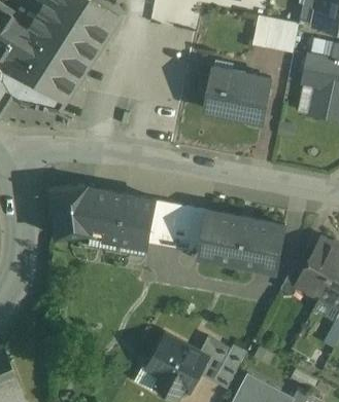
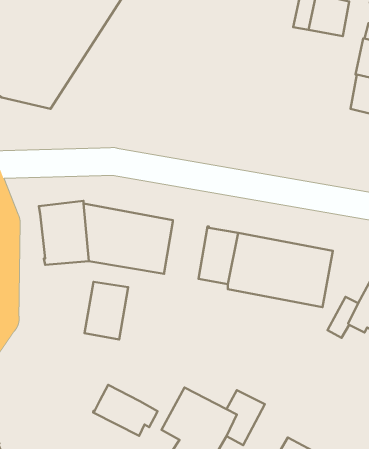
building: [206,68,271,121] -> none
building: [149,202,184,248] -> [85,282,128,339]
building: none -> [93,385,157,436]

